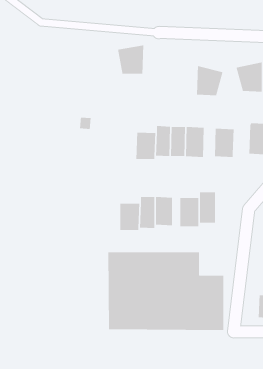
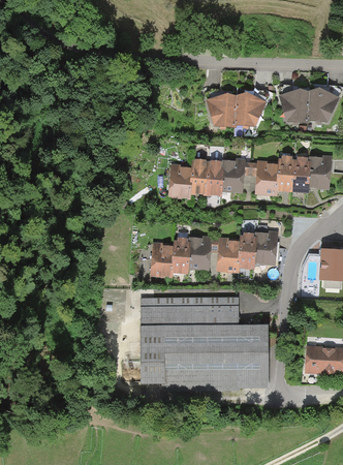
building: [117,44,144,74] -> [208,92,238,125]
building: none -> [278,158,295,190]
building: none -> [258,231,278,264]

